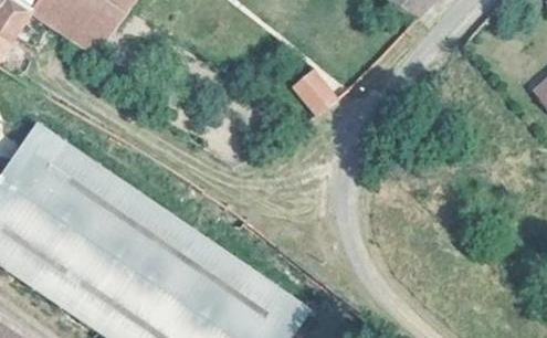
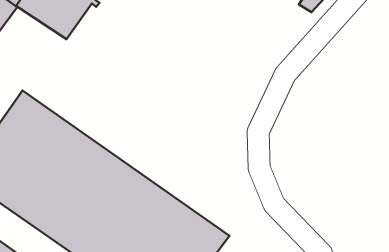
building: [287,68,333,116] -> none

